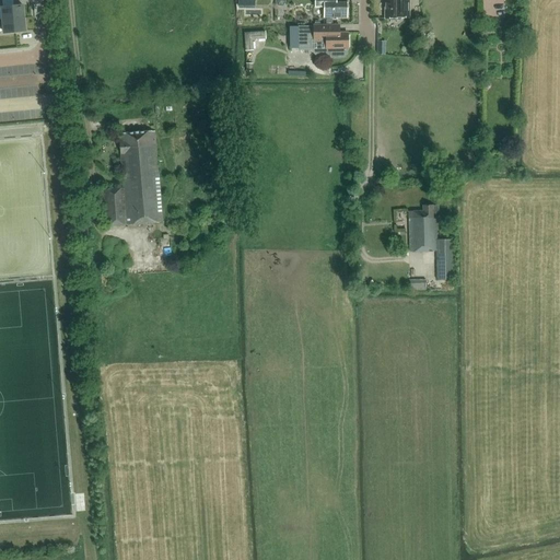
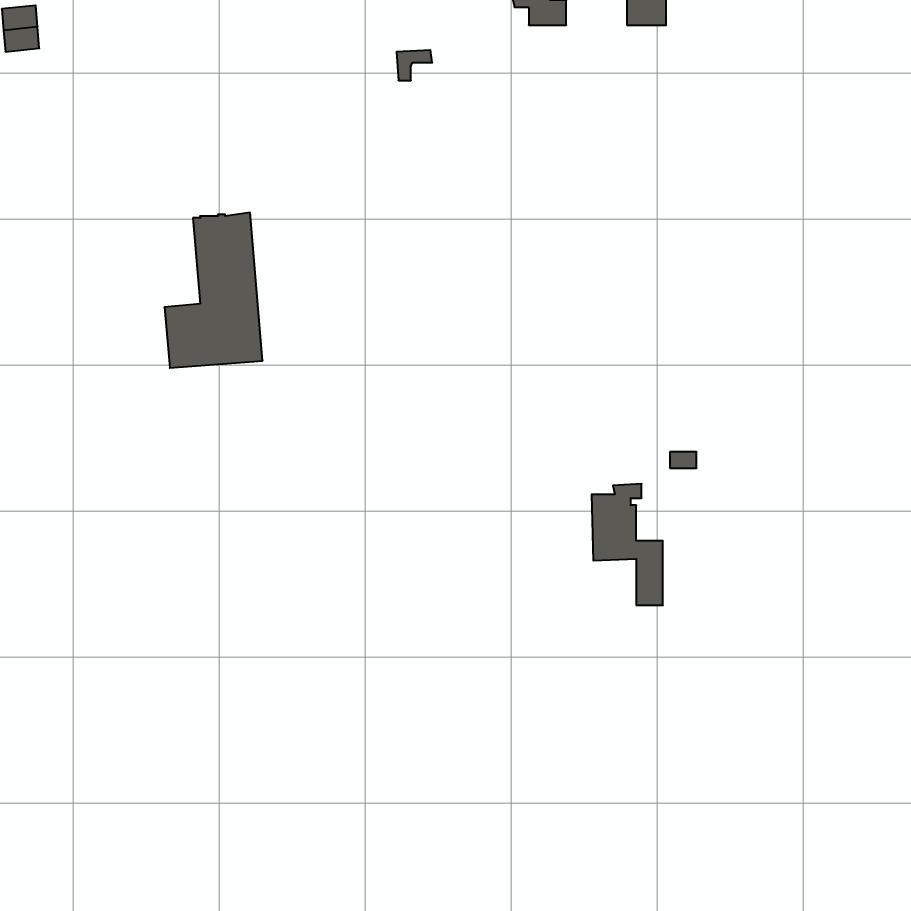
building: [296,24,347,57] -> none
building: [408,203,452,278] -> [592,484,663,605]

